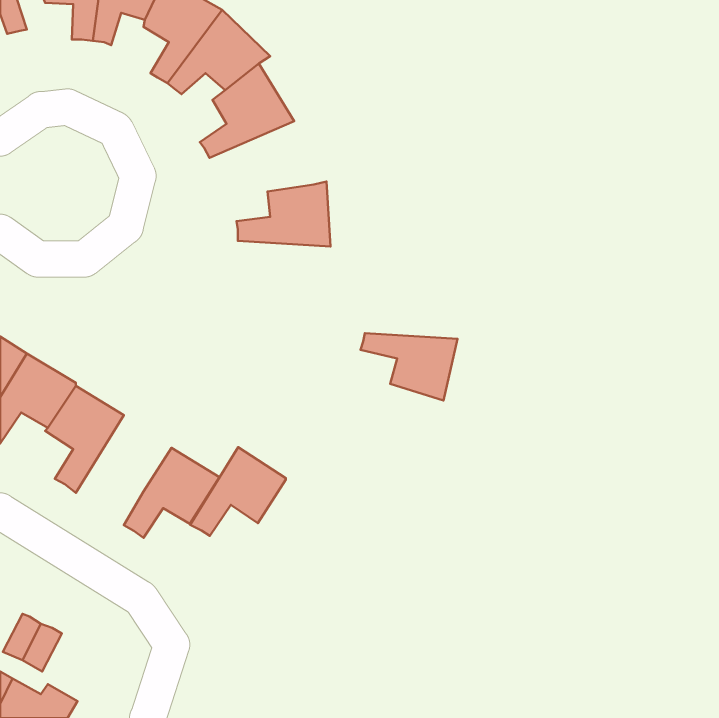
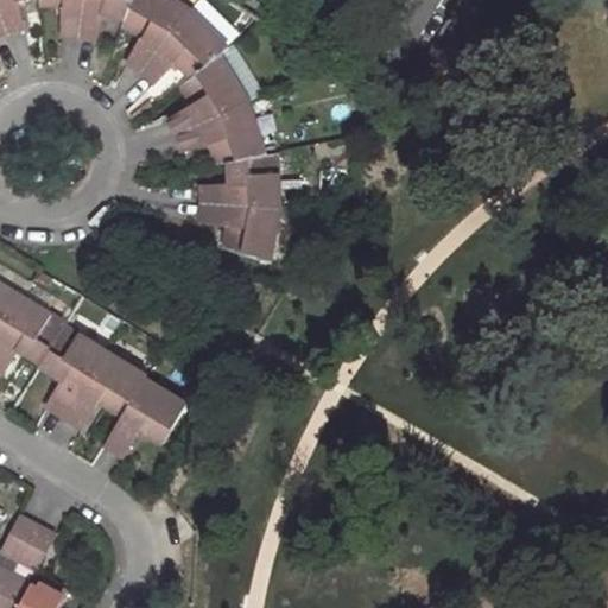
building: none -> [177,102,265,163]
building: [360,333,458,401] -> [197,203,279,260]
building: [190,447,286,536] -> [64,350,145,425]

